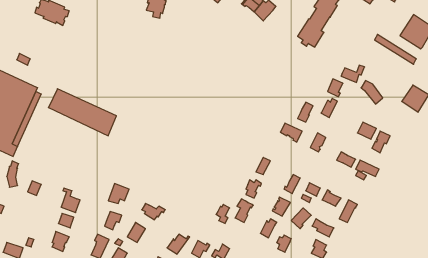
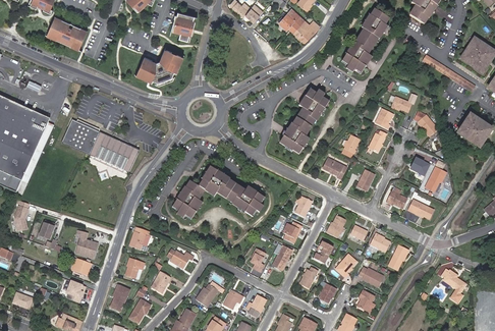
building: none -> [138,49,181,81]
building: none -> [279,89,329,154]
building: none -> [173,166,264,218]
building: none -> [442,270,466,305]

